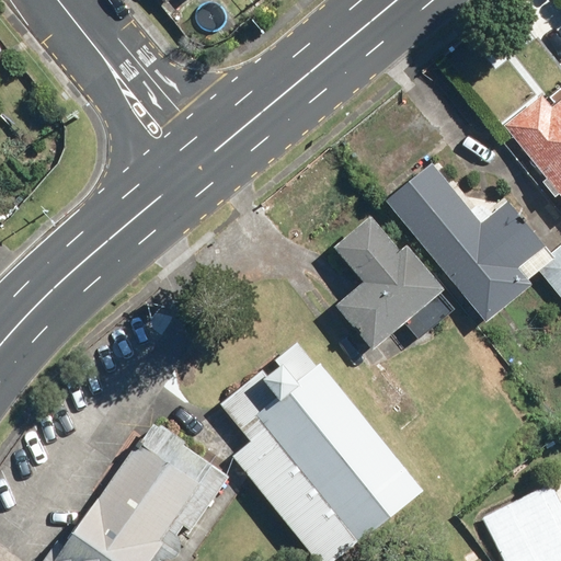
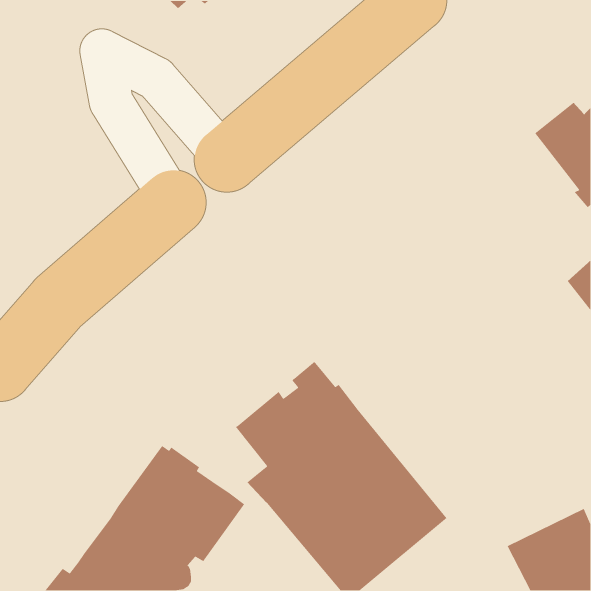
building: [382,159,546,324] -> none
building: [335,216,448,351] -> none

